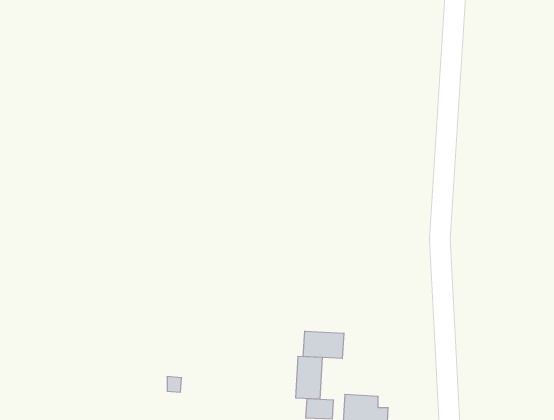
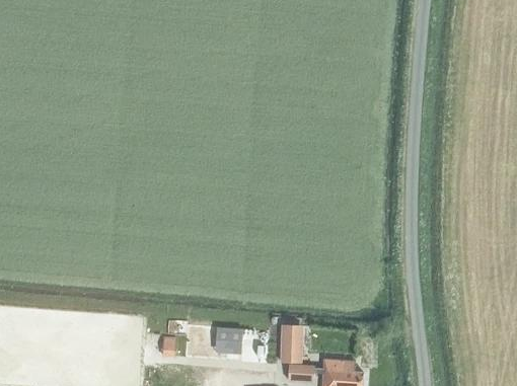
building: [303,331,344,359] -> none
building: none -> [221,324,252,353]

